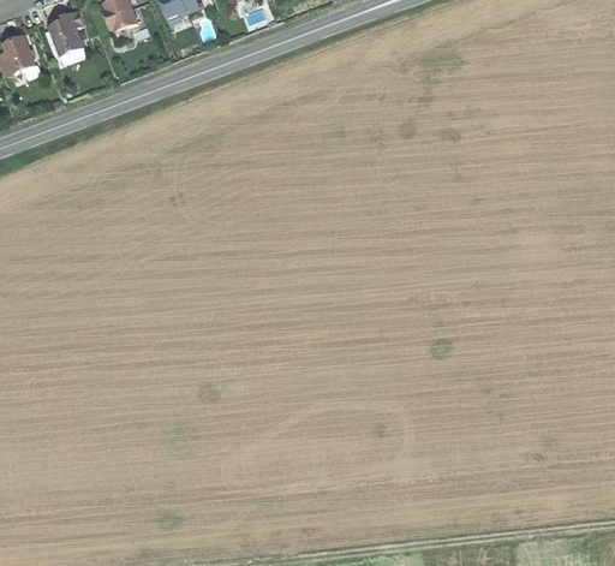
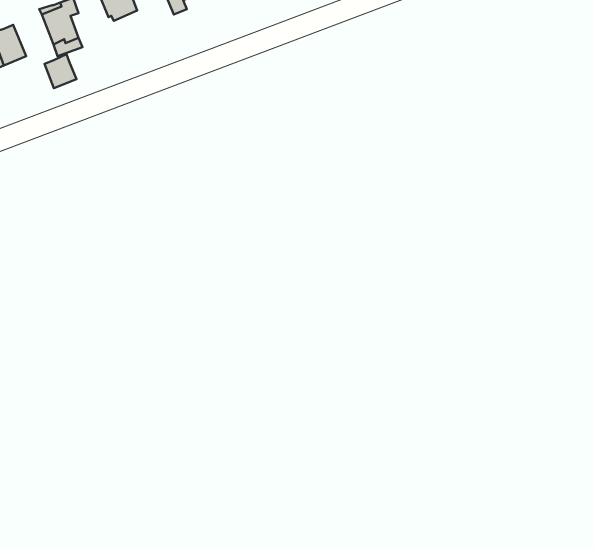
building: none -> [44,54,77,88]

